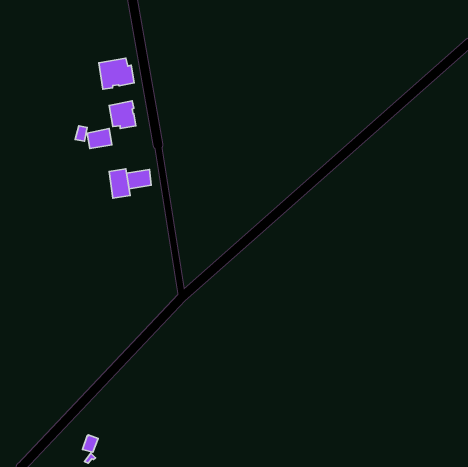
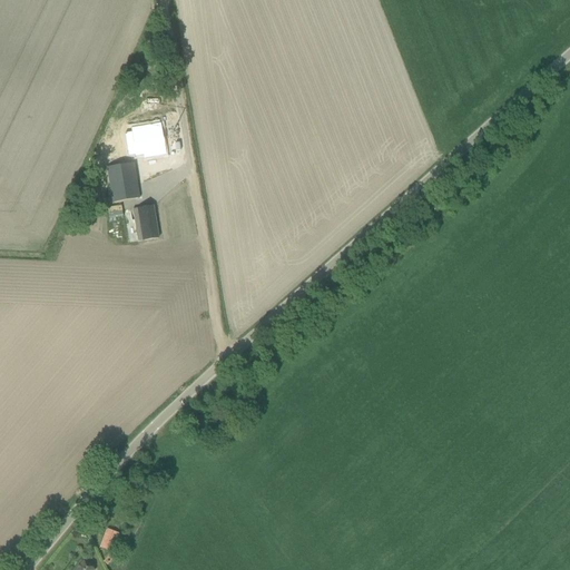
building: [99,58,134,89] -> none
building: [126,169,151,189] -> [109,177,139,200]

